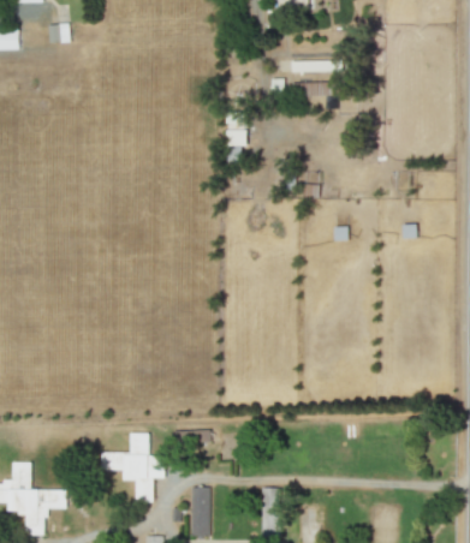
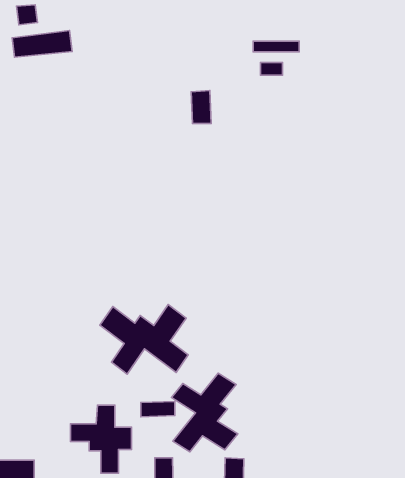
building: none -> [12,31,72,57]
building: none -> [100,305,188,374]
building: none -> [171,373,238,452]

